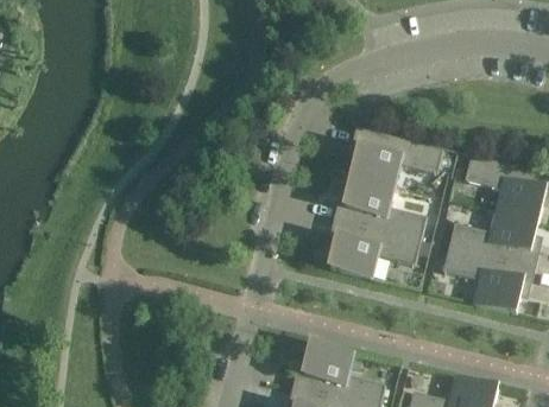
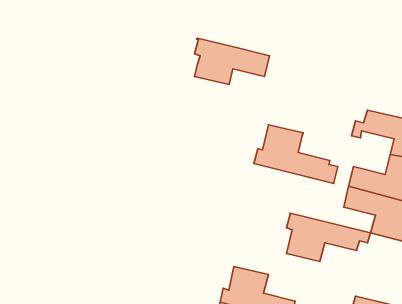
building: [351,126,441,182] -> [194,38,270,85]
building: [328,218,429,276] -> [286,213,370,262]

